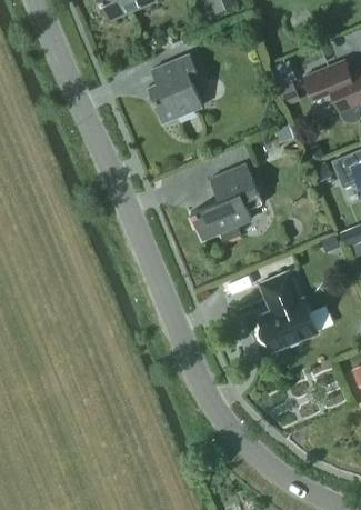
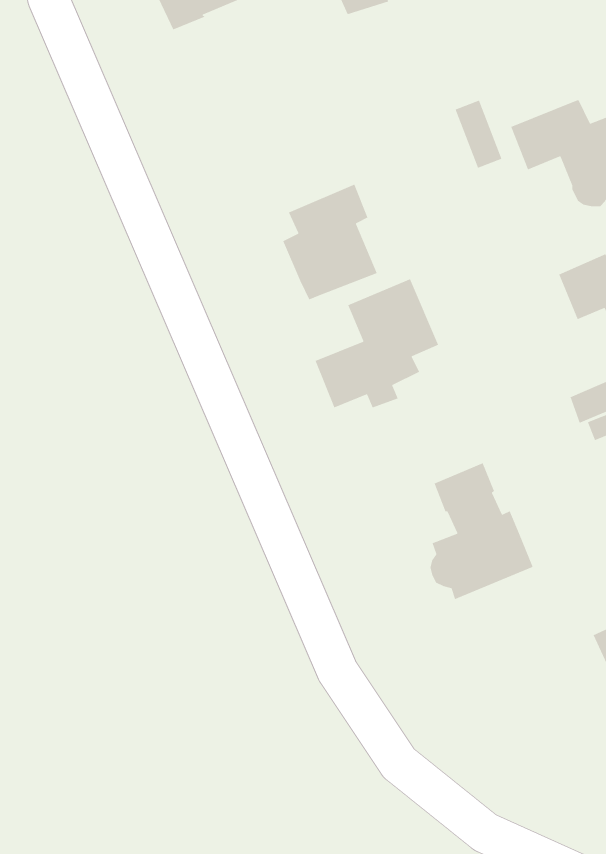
building: [148,53,203,121] -> [282,183,378,300]

